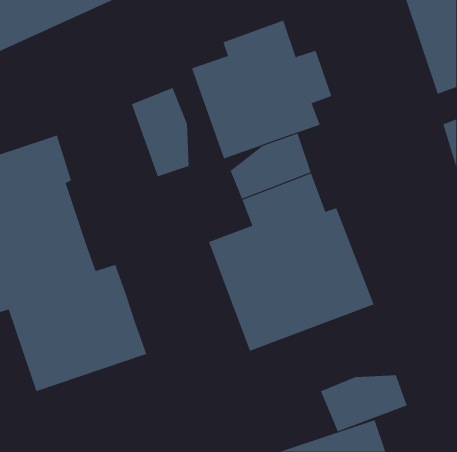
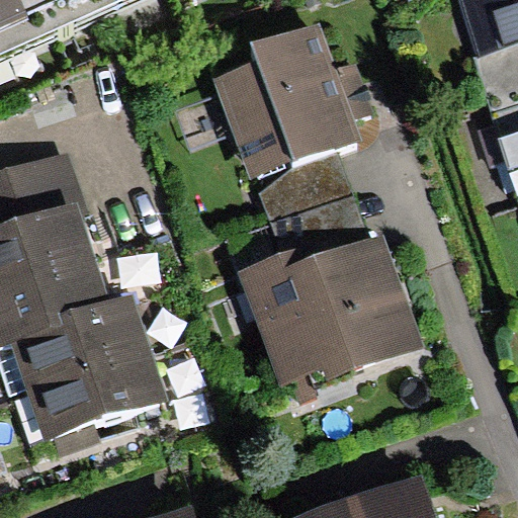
building: [131,87,189,177] -> none
building: [320,374,407,432] -> none

